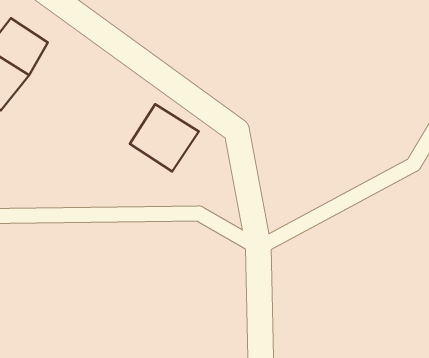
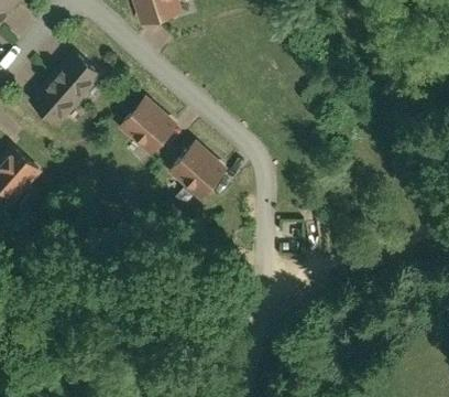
building: none -> [116,95,176,155]

